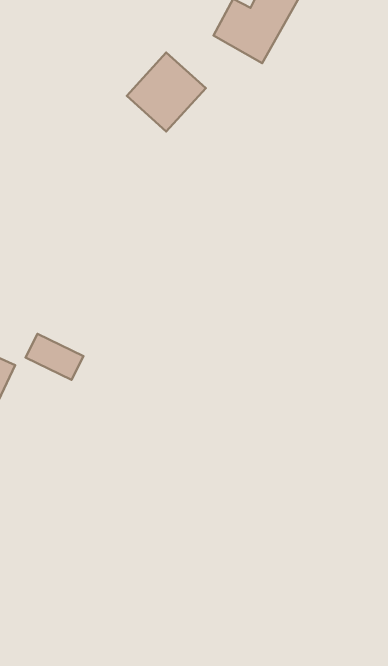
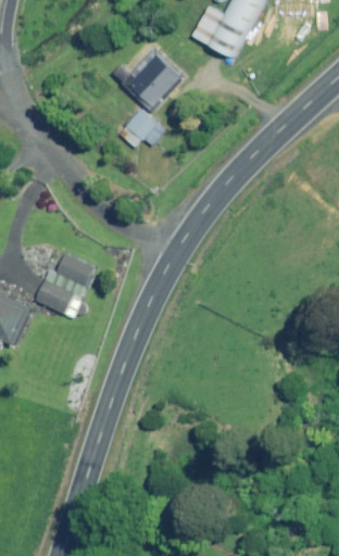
building: none -> [125,110,164,144]
building: none -> [55,254,96,287]

